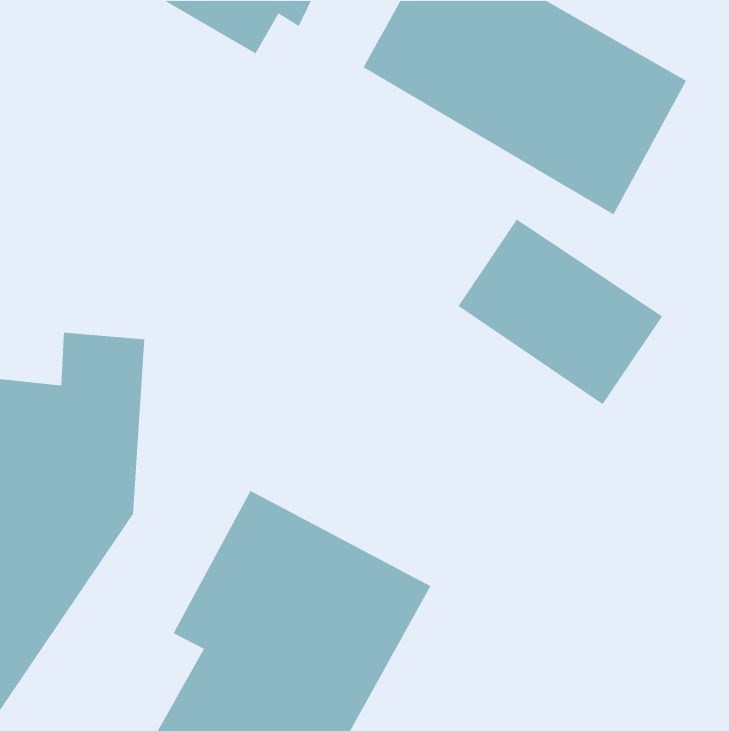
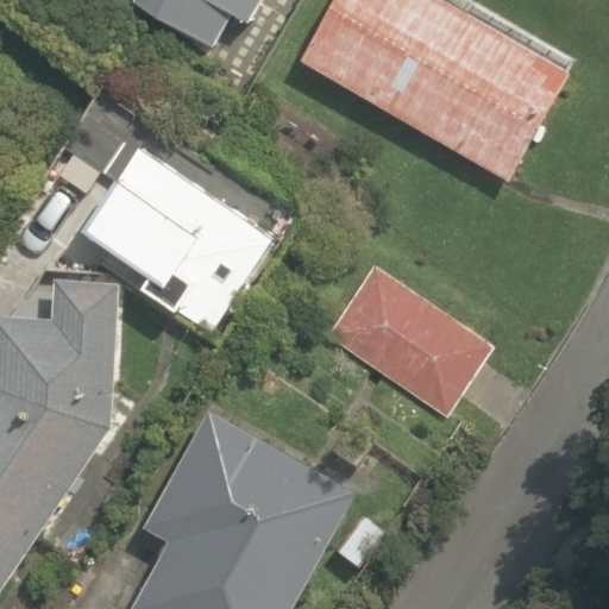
building: none -> [80,146,271,334]
building: [458,218,663,405] -> [326,265,496,420]

